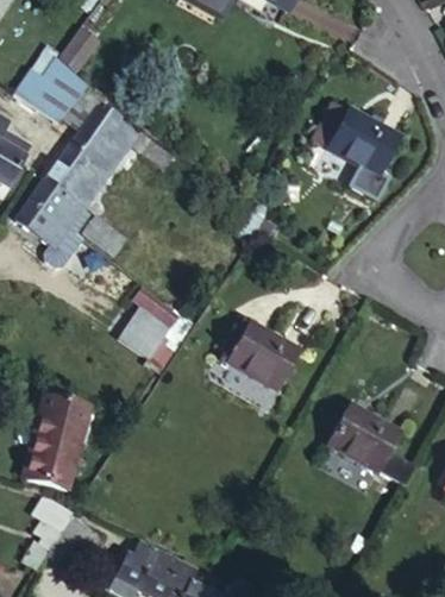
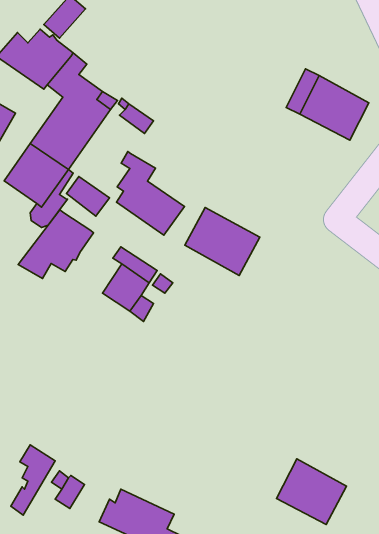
building: none -> [117,152,184,235]
building: none -> [18,210,94,279]
building: [220,319,299,390] -> [185,208,260,276]
building: [23,395,89,489] -> none
building: [327,403,401,472] -> [276,459,347,525]

